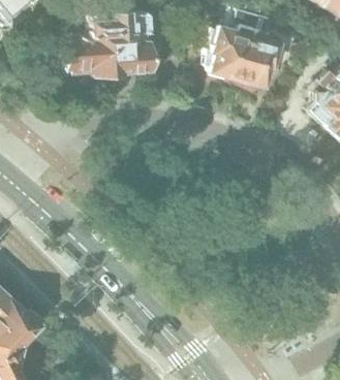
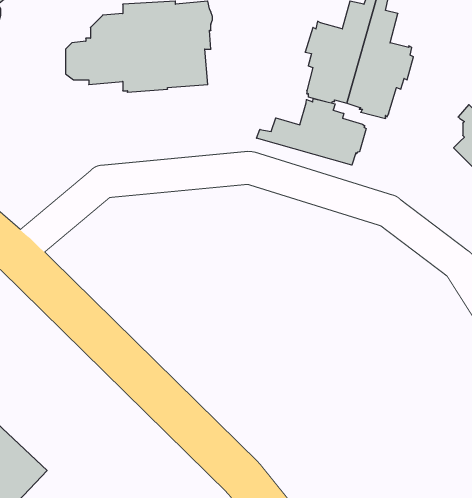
building: none -> [257,99,366,165]

